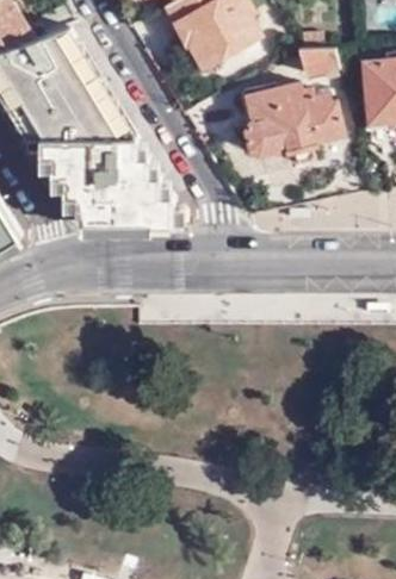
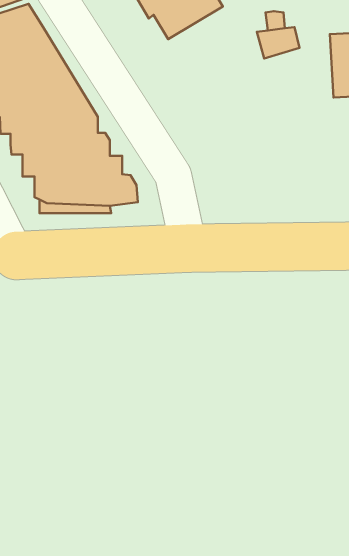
building: [239,83,340,162] -> none

